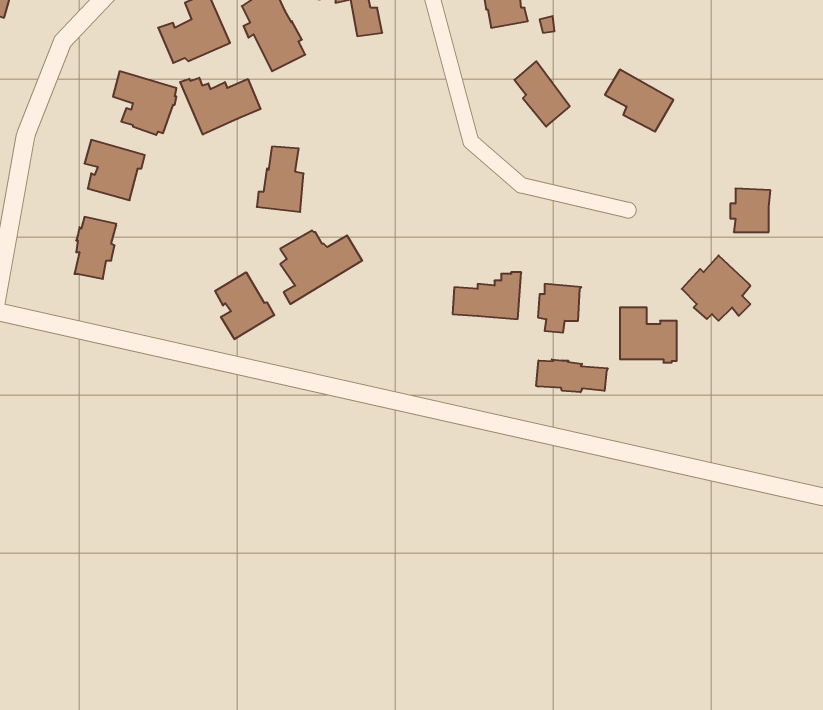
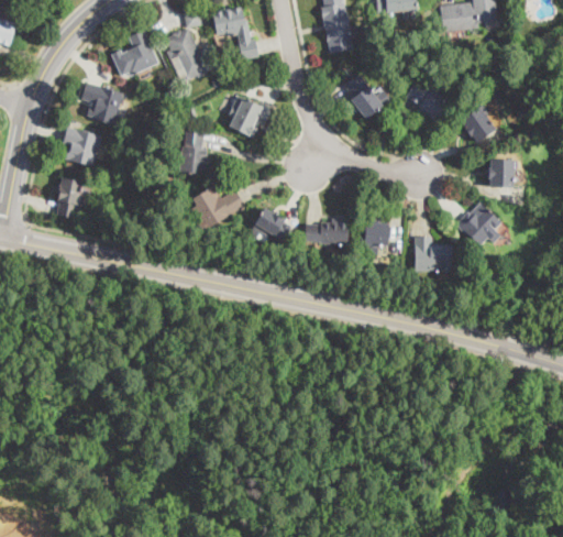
building: [180,78,261,135] -> none
building: none -> [229,95,271,138]
building: none -> [461,107,496,142]
building: none -> [250,208,291,241]
building: [215,272,274,339] -> none
building: [536,359,608,392] -> none

